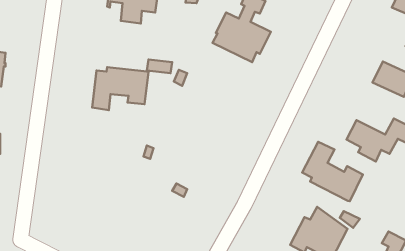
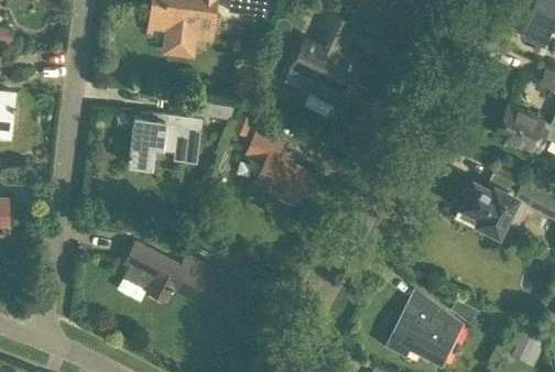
building: none -> [247,132,311,205]
building: [302,142,363,201] -> none
building: none -> [124,242,243,317]

